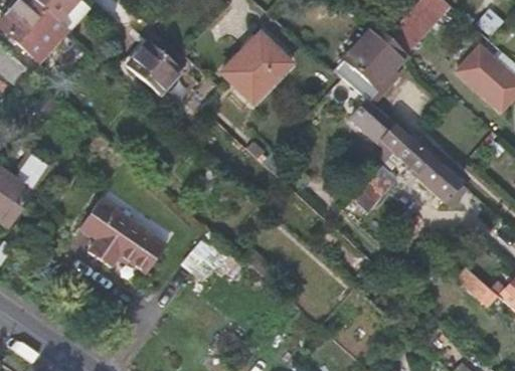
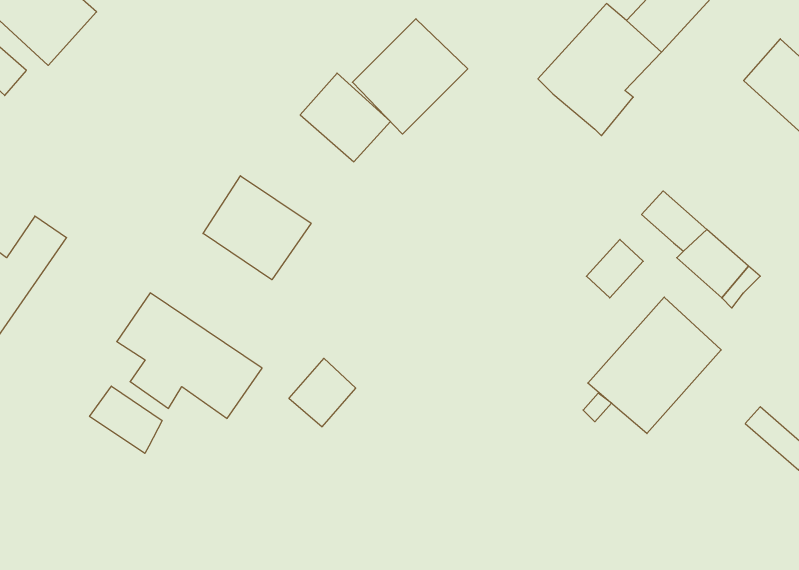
building: [127,40,181,94] -> [300,73,391,162]
building: [350,100,408,151] -> none
building: none -> [203,176,311,280]
building: none -> [588,297,721,434]
building: none -> [90,386,162,453]

